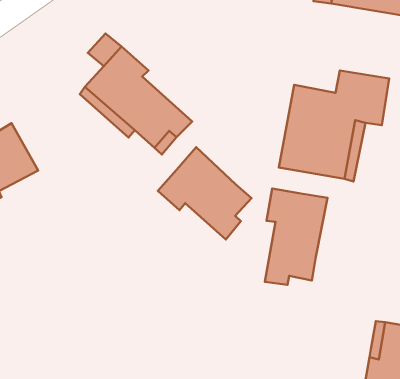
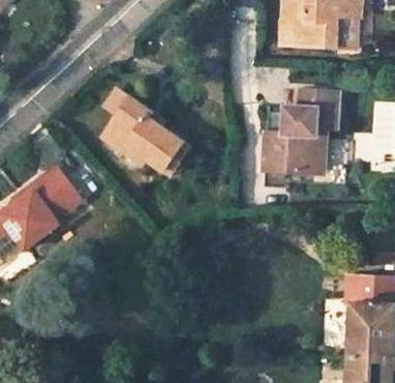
building: [158,147,251,239] -> none
building: [265,189,327,285] -> none

